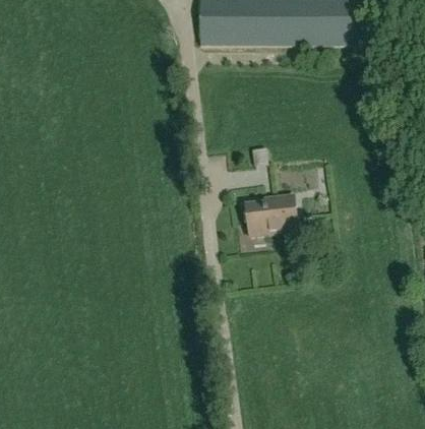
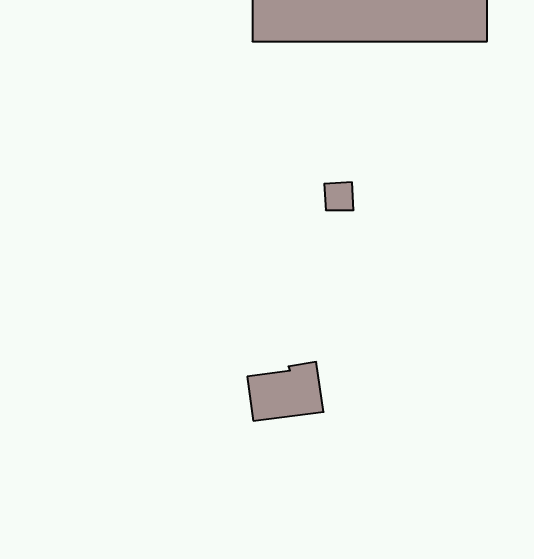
building: [245,193,298,234] -> [247,362,324,421]

